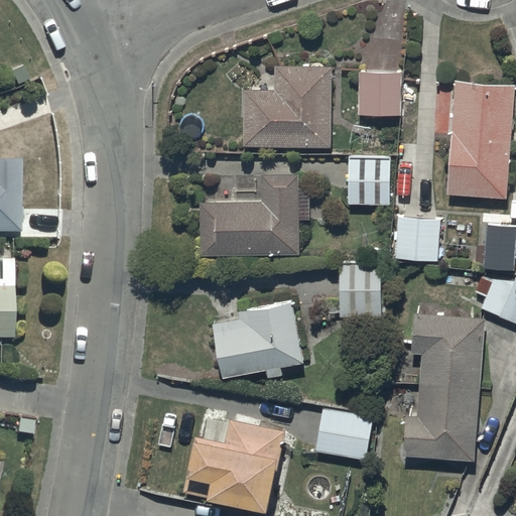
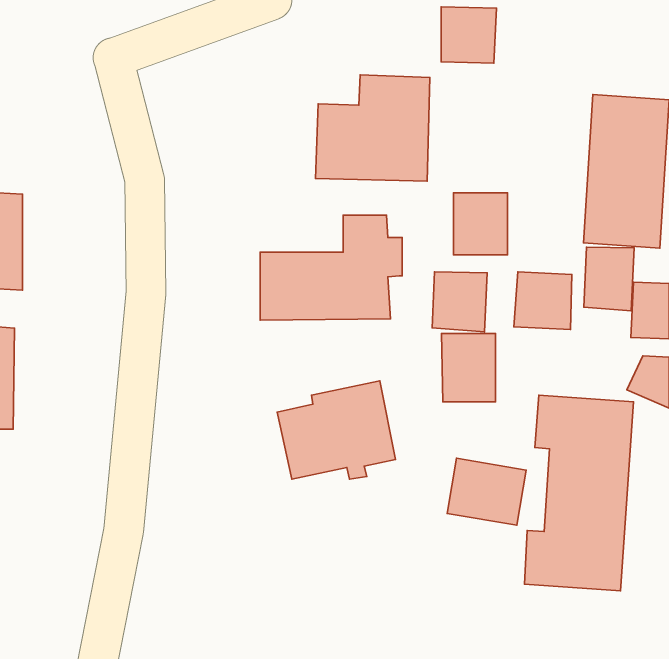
building: [358,74,400,117] -> [441,7,497,63]
building: none -> [584,247,634,311]
building: none -> [432,272,487,332]
building: [314,411,375,463] -> [447,458,526,525]
building: [184,420,284,501] -> none

